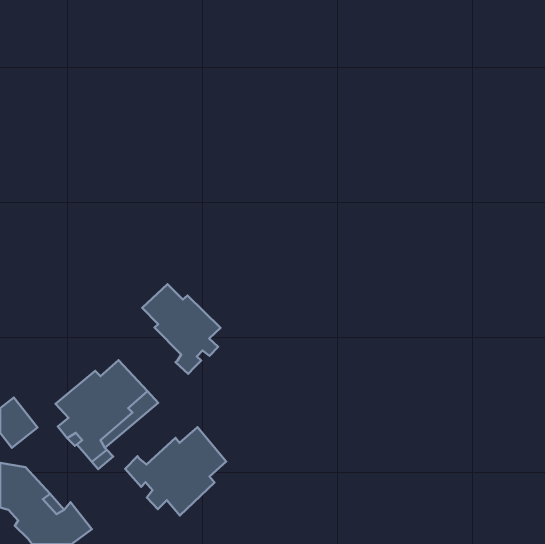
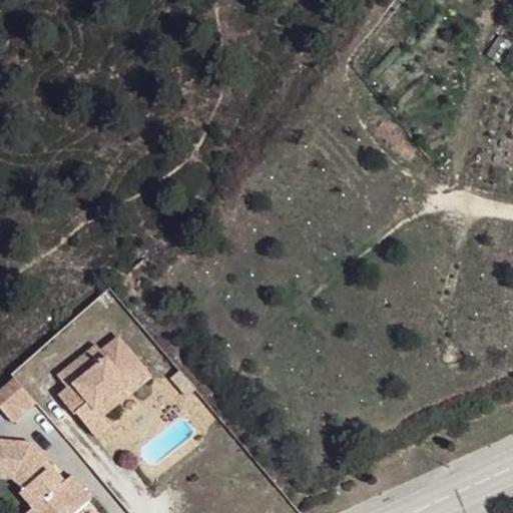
building: [142,284,221,374] -> none
building: [125,427,226,515] -> none

